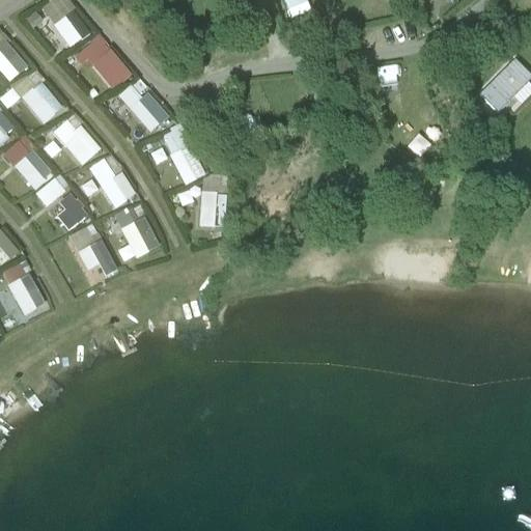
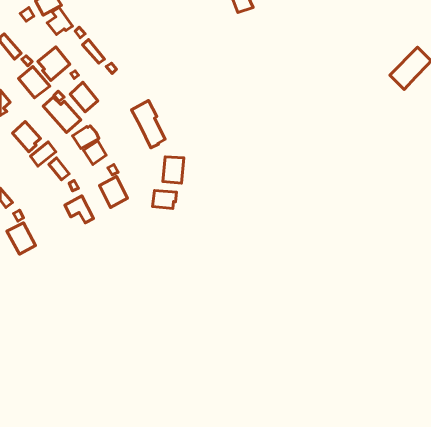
building: none -> [38,47,70,81]
building: [132,92,166,129] -> [70,82,98,112]
building: none -> [153,191,176,209]

